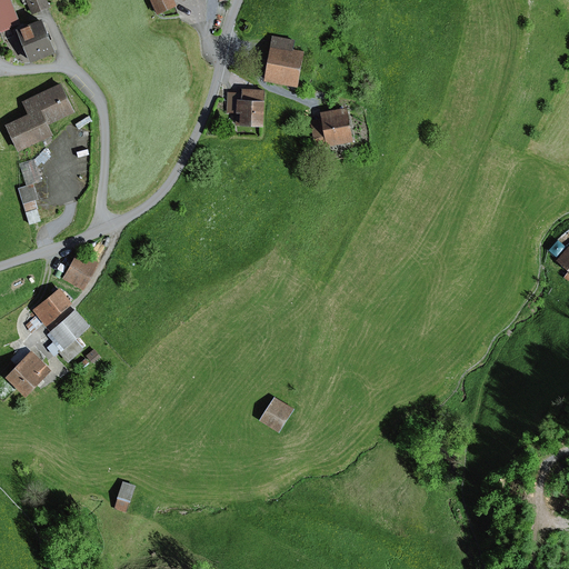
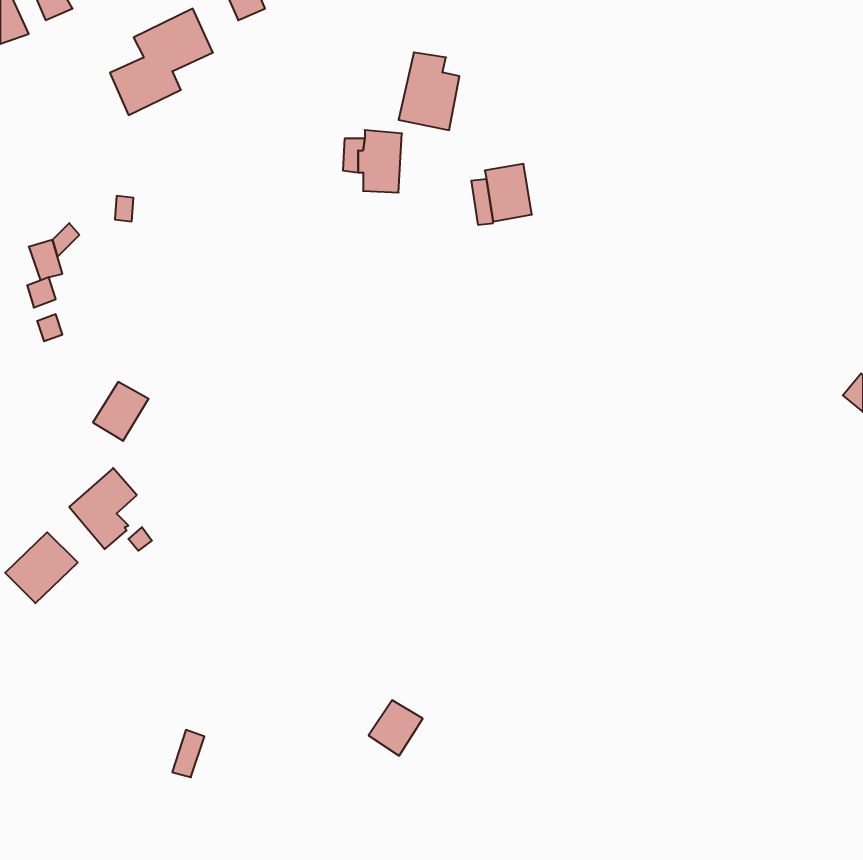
building: [16,20,52,62] -> none
building: [6,82,73,152] -> [110,9,213,115]
building: [32,288,72,325] -> none
building: [258,396,293,432] -> [369,700,423,756]

